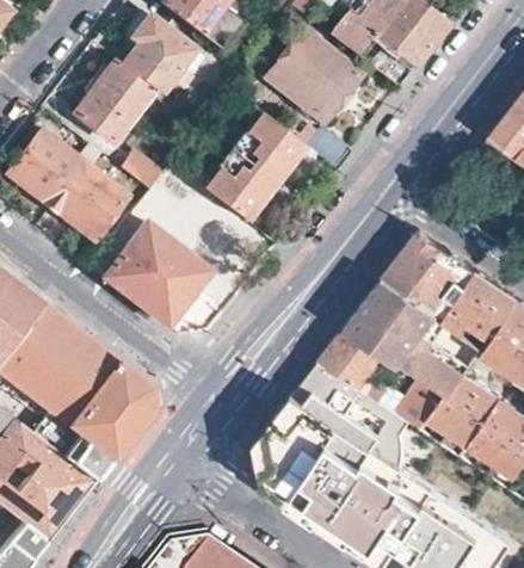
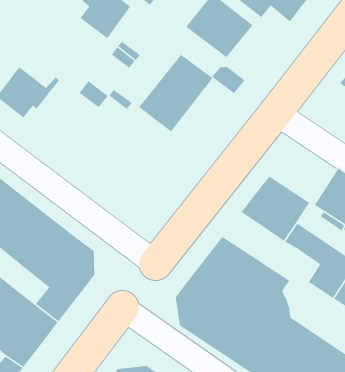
building: [75,61,164,143] -> none
building: [58,150,128,240] -> none
building: [104,223,209,327] -> none
building: [382,231,476,321] -> none
building: [318,331,382,394] -> none
building: [396,381,450,436] -> none

